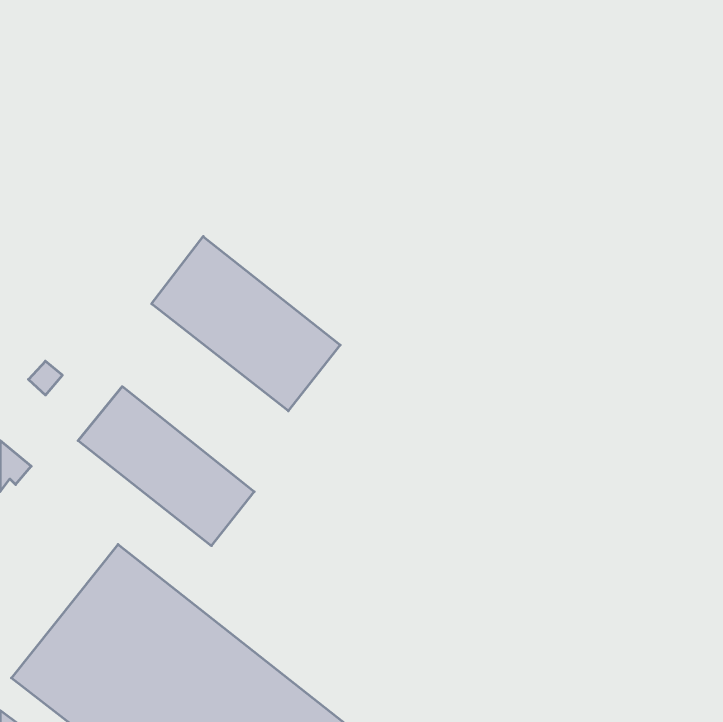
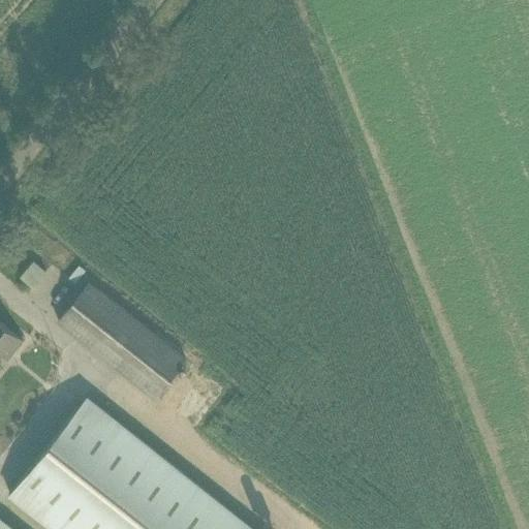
building: [152,236,340,411] -> none

